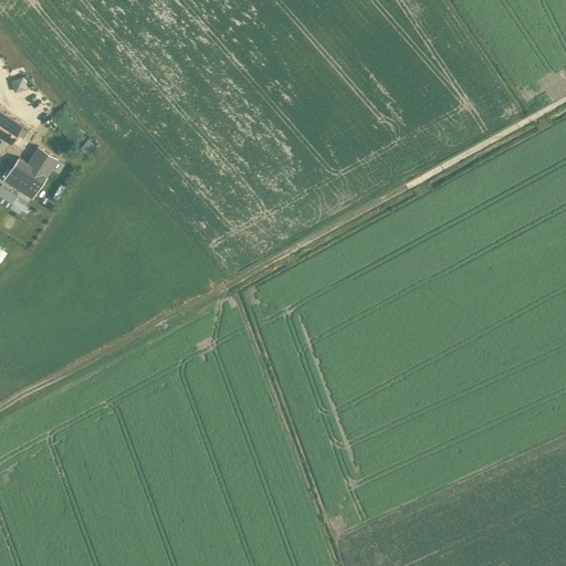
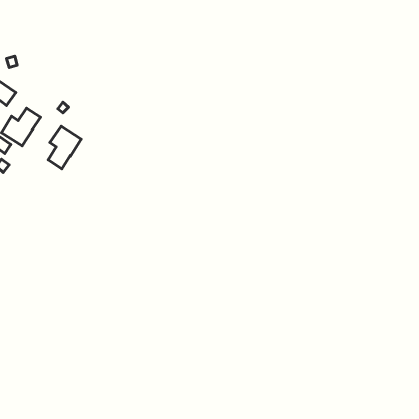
building: none -> [48,126,81,169]

